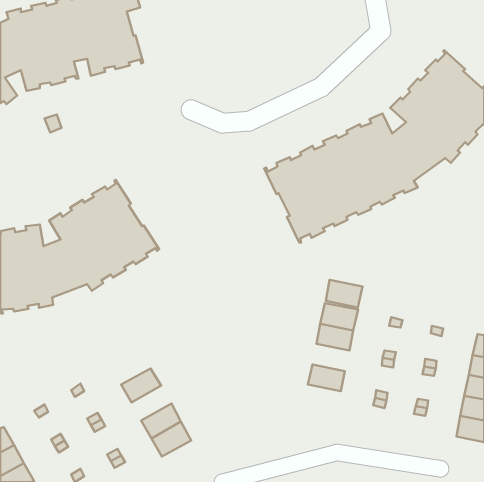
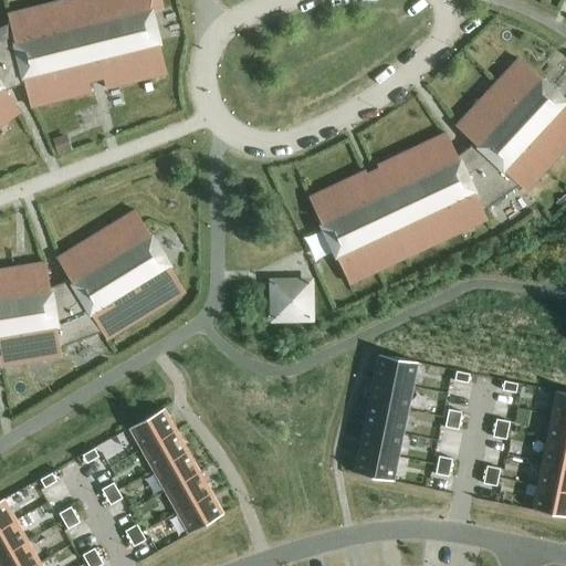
building: none -> [273,282,310,317]
building: [326,280,363,307] -> [365,401,408,433]
building: none -> [129,408,176,449]
building: none -> [355,449,398,481]
building: none -> [154,450,200,491]

